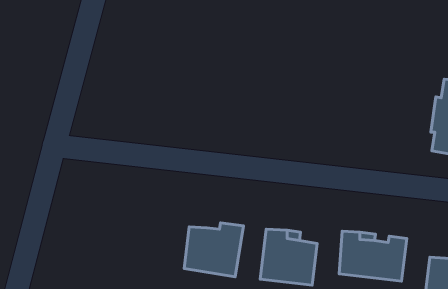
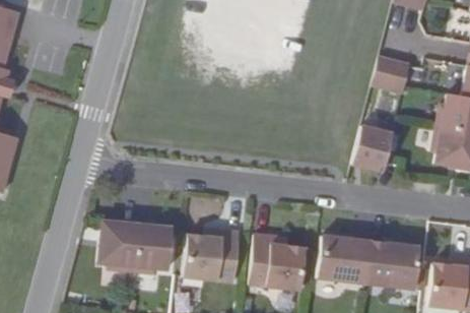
building: none -> [372,58,407,90]
building: none -> [350,122,389,168]
building: none -> [104,220,179,272]

